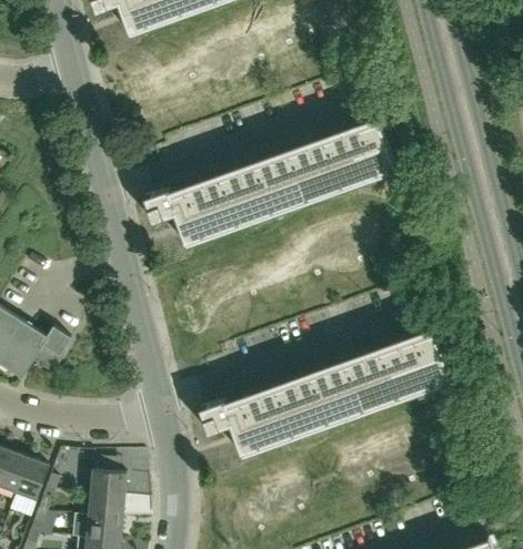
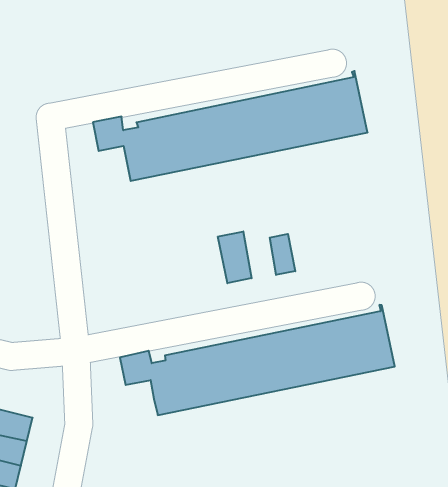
building: none -> [270,234,295,275]
building: none -> [218,231,252,283]

